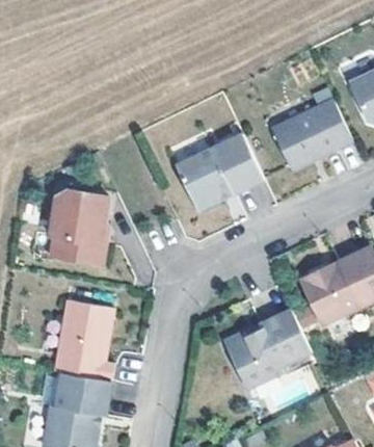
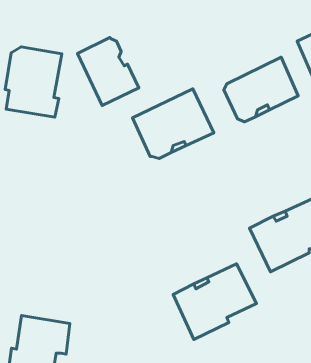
building: none -> [77,38,139,105]
building: [50,187,109,261] -> [5,47,62,117]
building: [56,297,115,377] -> none

